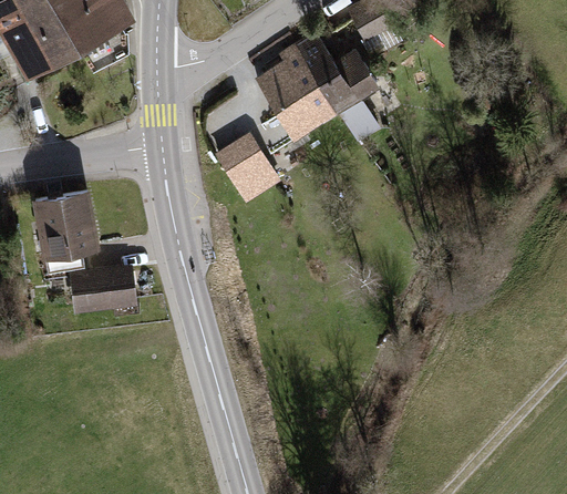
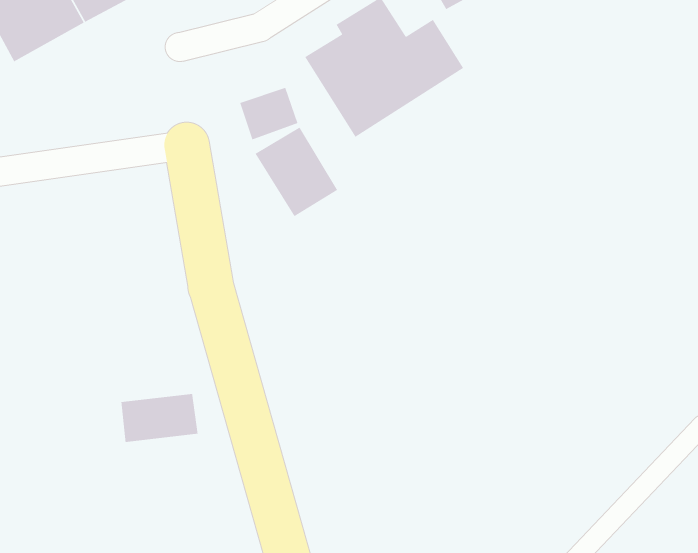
building: [35,192,95,255] -> none
building: [73,271,134,310] -> [121,393,198,443]

